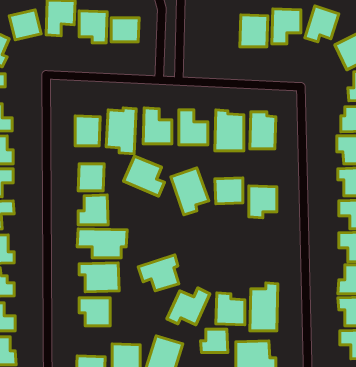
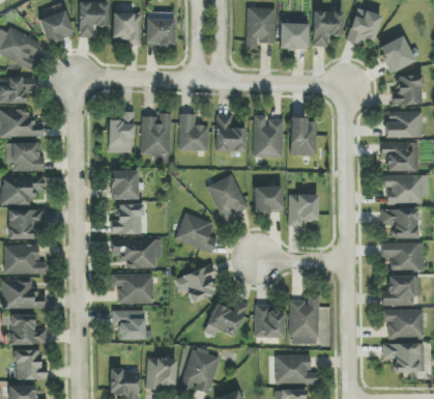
building: none -> [244,7,274,49]
building: [124,156,165,196] -> [174,212,216,254]
building: [201,329,228,352] -> none

